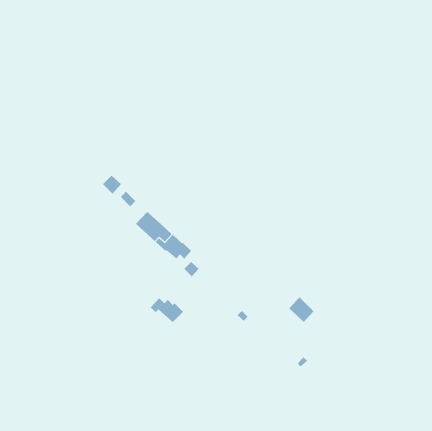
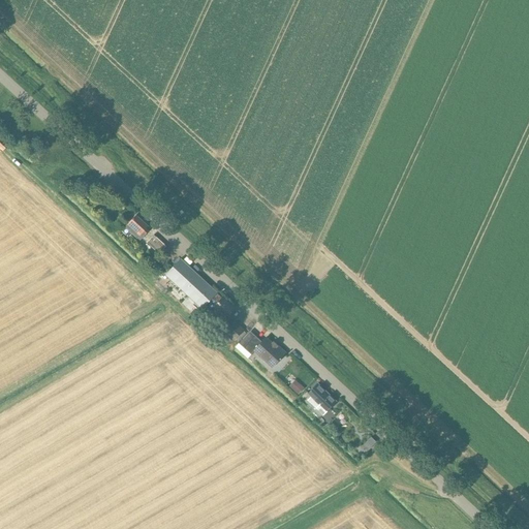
building: [289,297,315,323] -> [304,382,336,414]
building: [150,297,184,323] -> [244,335,285,366]

